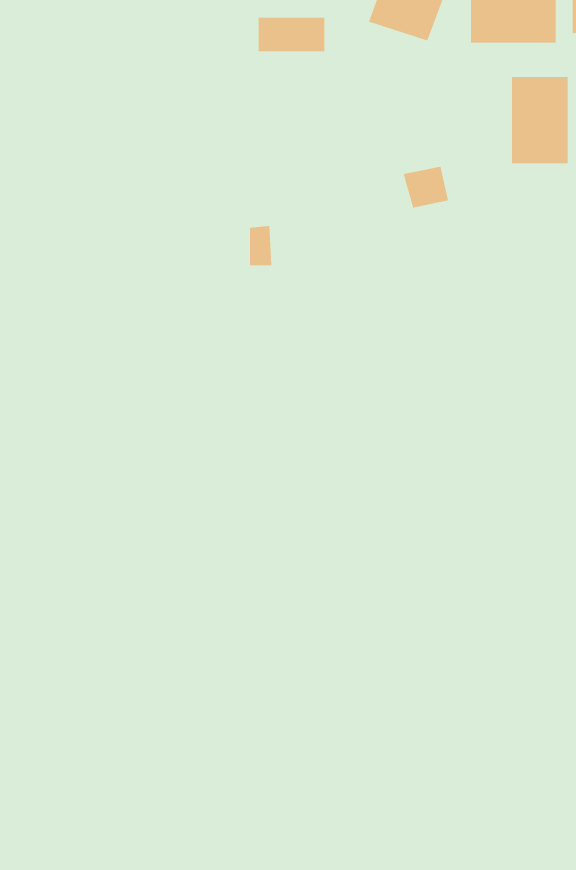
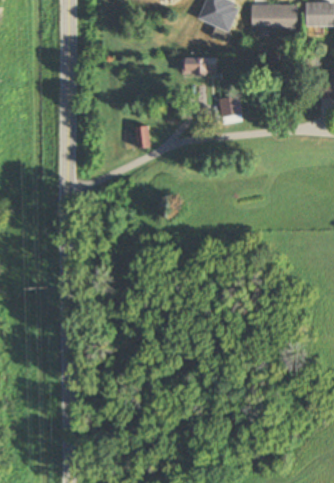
building: [258,17,325,52] -> [181,57,216,75]
building: [511,76,568,164] -> none

